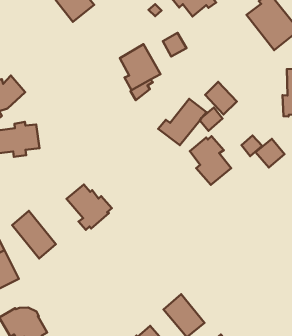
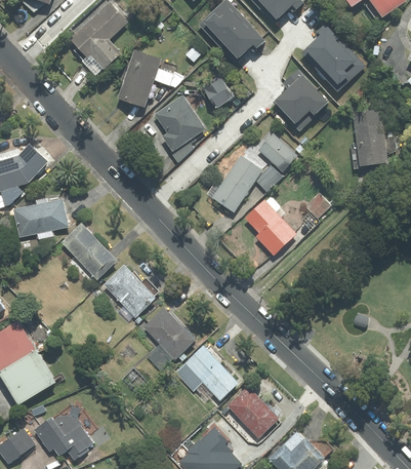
building: none -> [118,51,184,107]
building: none -> [273,70,328,130]
building: [255,139,284,168] -> none
building: [12,211,56,258] -> [61,224,115,279]
building: none -> [143,308,195,369]
building: none -> [174,344,238,400]

